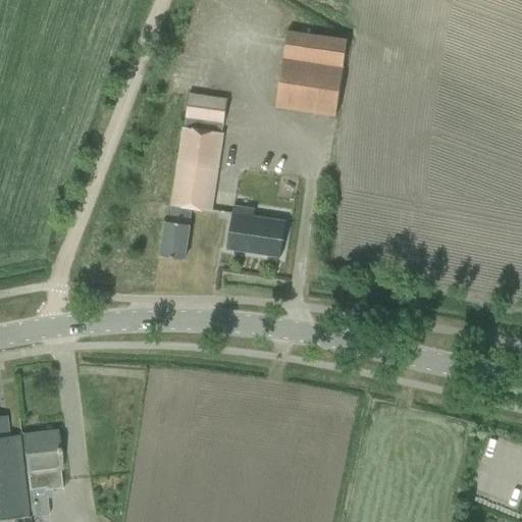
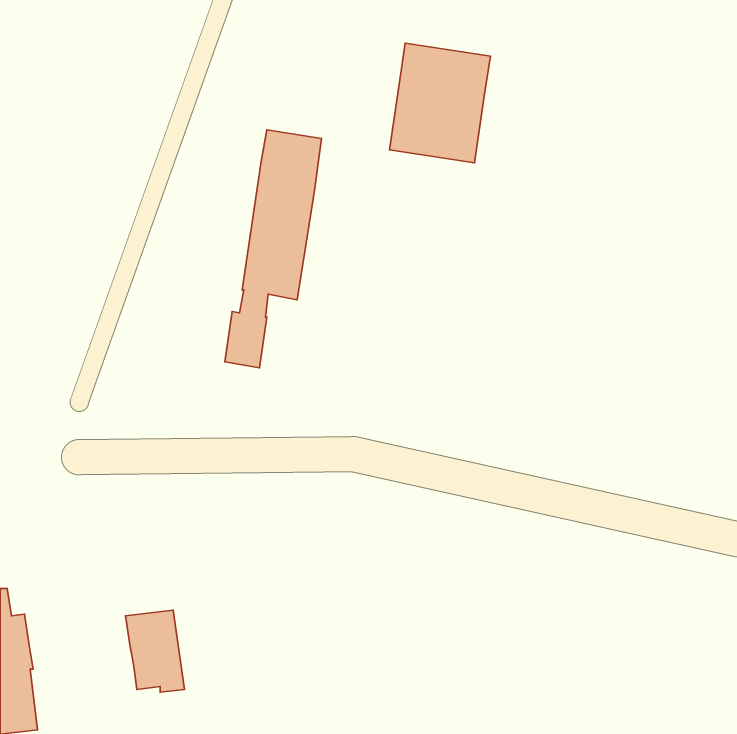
building: [226,213,285,256] -> none
building: [21,430,63,488] -> [125,610,185,692]

